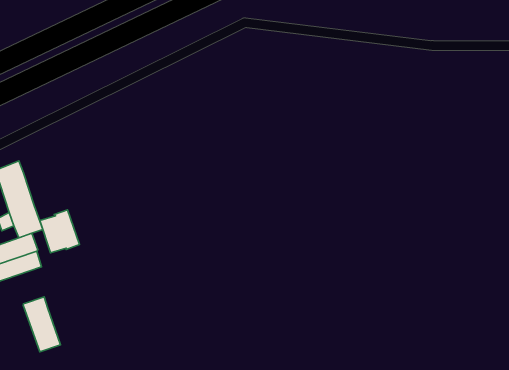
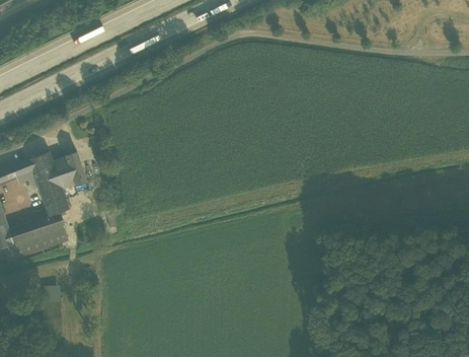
building: [40,210,79,253] -> [54,153,87,190]
building: [23,297,60,352] -> none

